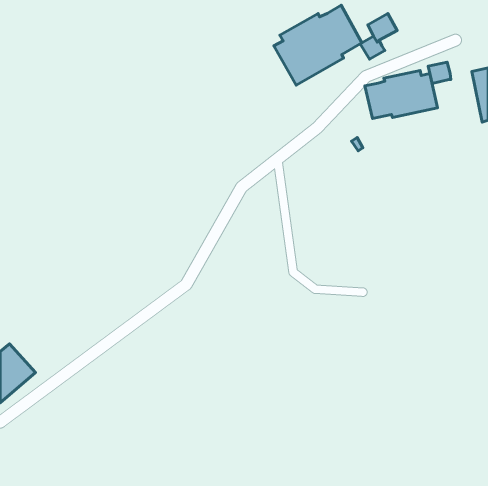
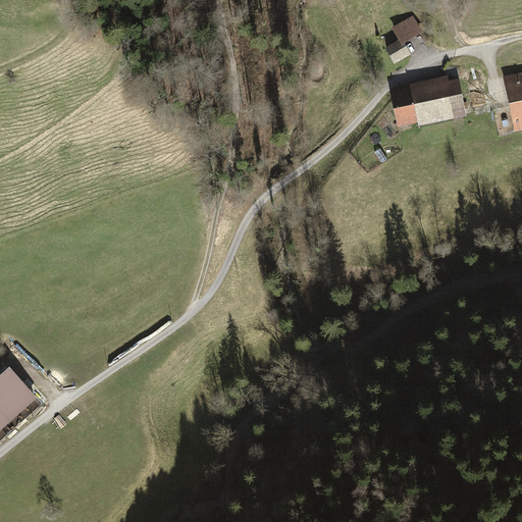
building: [274,5,362,85] -> none
building: [428,62,451,84] -> none

